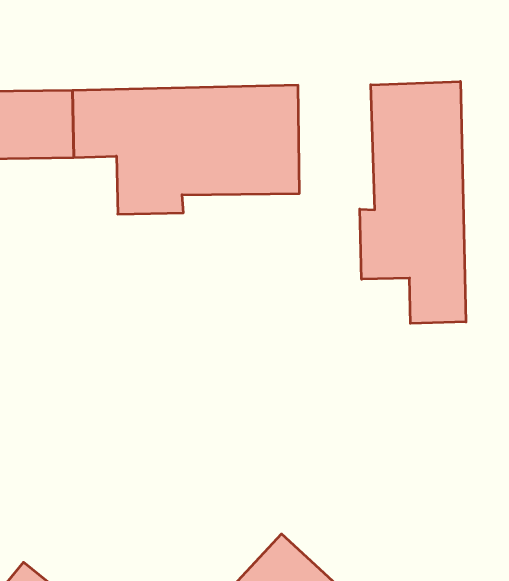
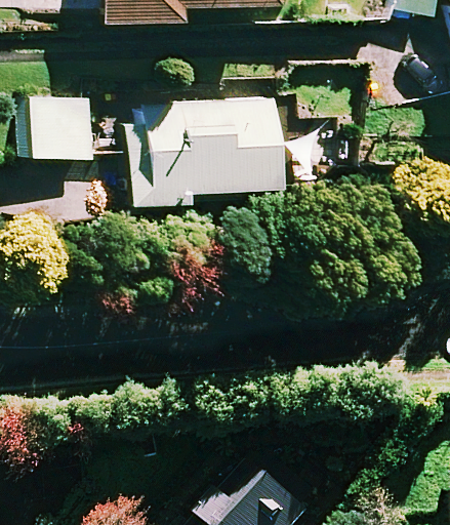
building: [360,81,466,323] -> none

